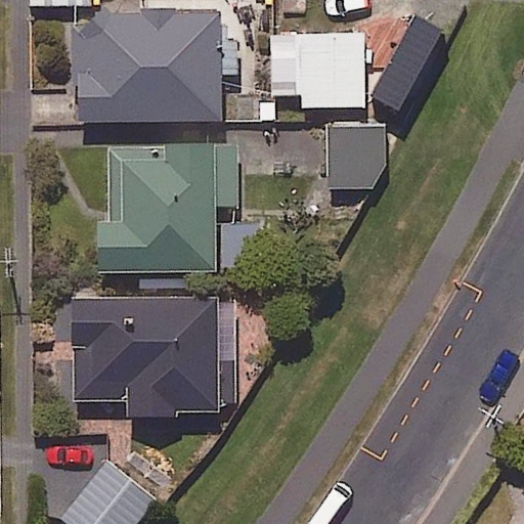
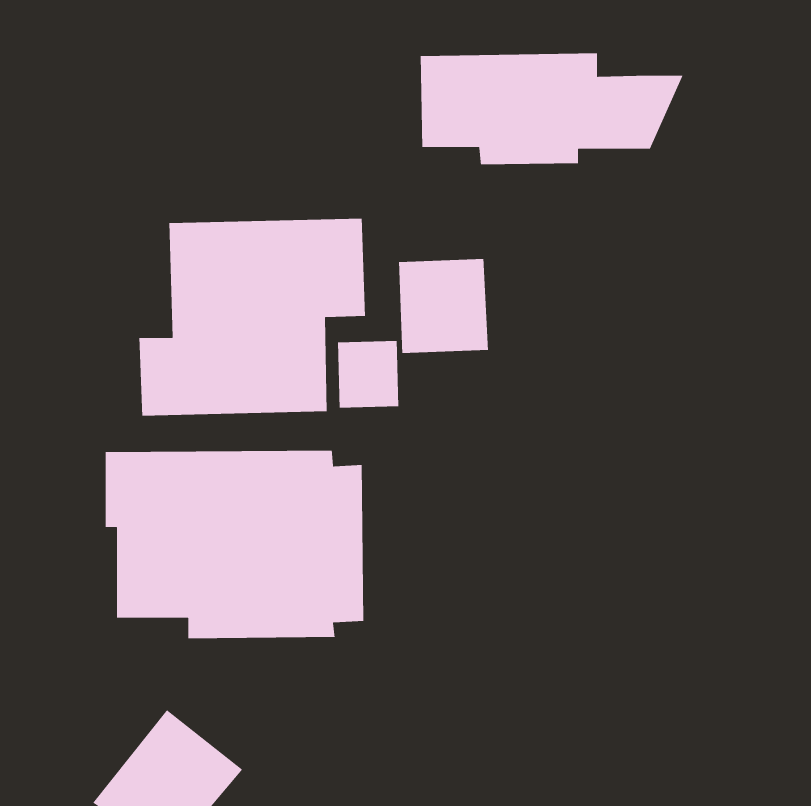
building: [70,9,235,123] -> none
building: [326,128,385,189] -> [398,258,489,354]

